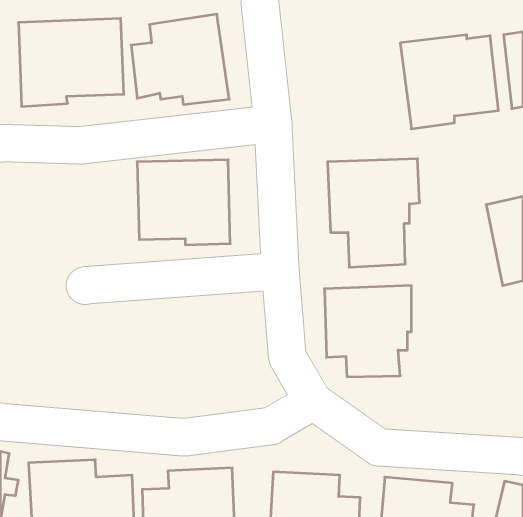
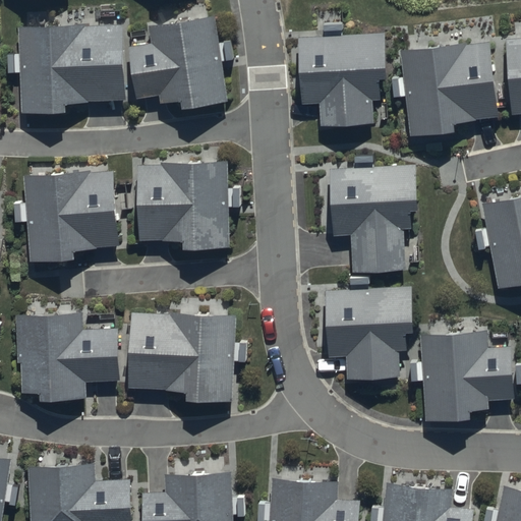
building: none -> [296,32,385,124]
building: none -> [25,176,118,265]
building: none -> [128,313,238,401]
building: none -> [17,319,119,401]
building: none -> [418,333,511,421]

